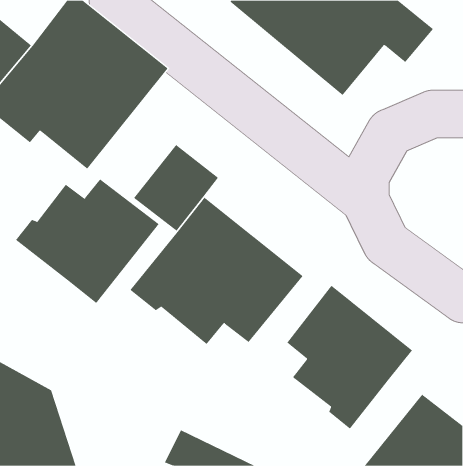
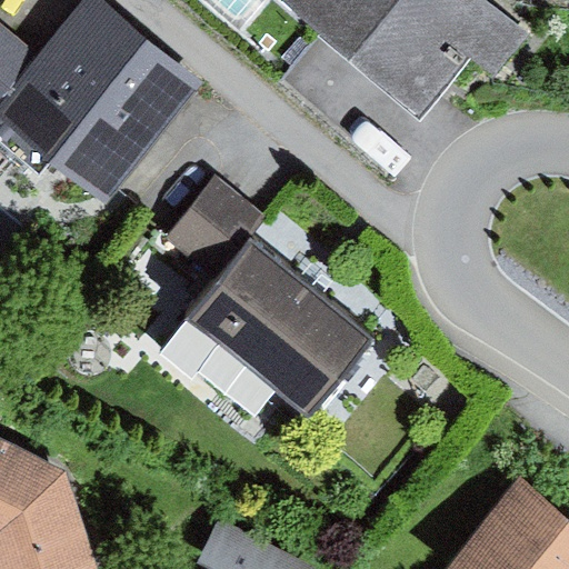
building: [15,179,159,304] -> none
building: [287,285,413,430] -> none

